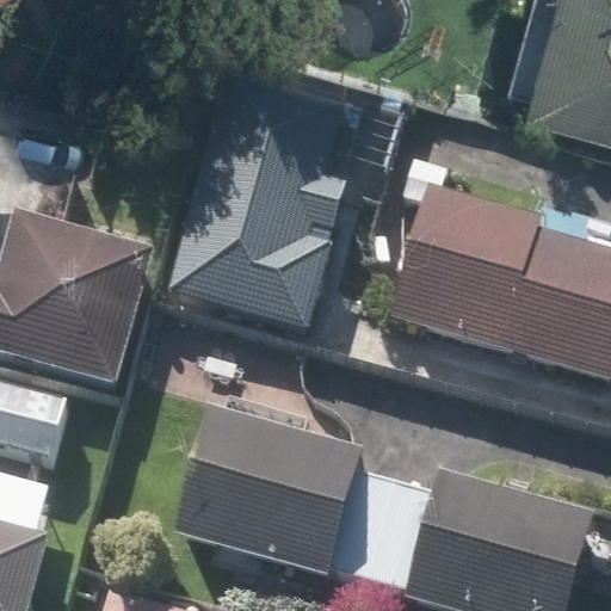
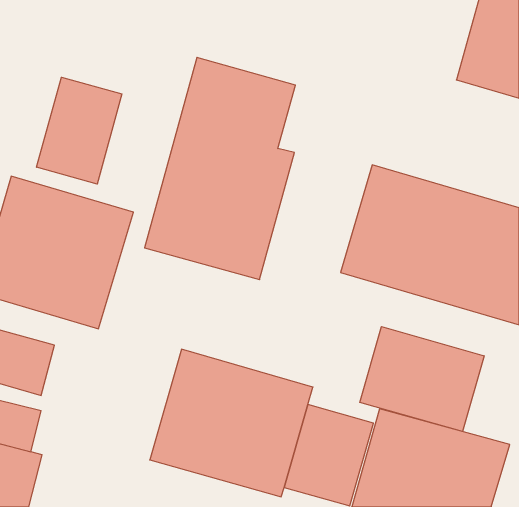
building: none -> [37,77,122,184]
building: none -> [360,327,484,431]

